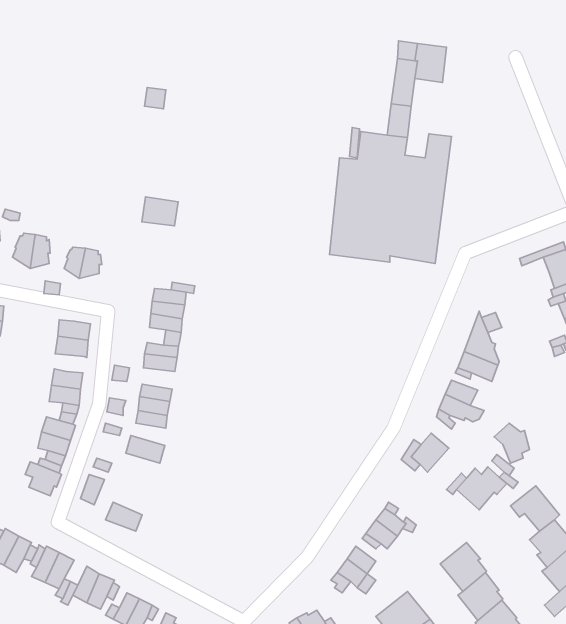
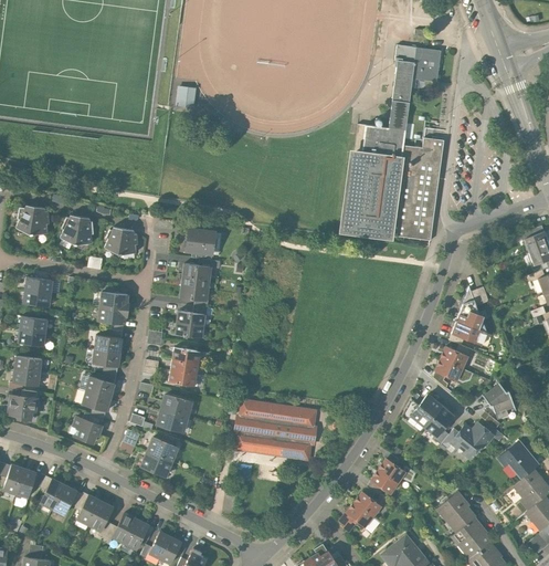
building: [142,197,178,226] -> [184,229,217,254]
building: none -> [233,400,318,463]
building: none -> [424,405,456,437]
building: none -> [155,409,189,433]
building: none -> [148,438,179,463]

